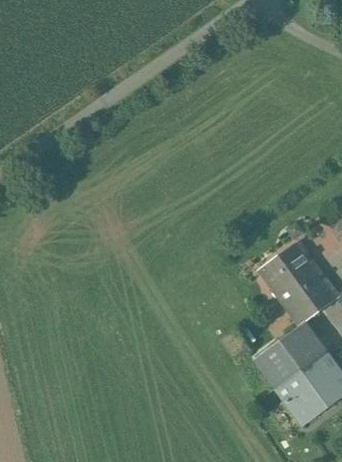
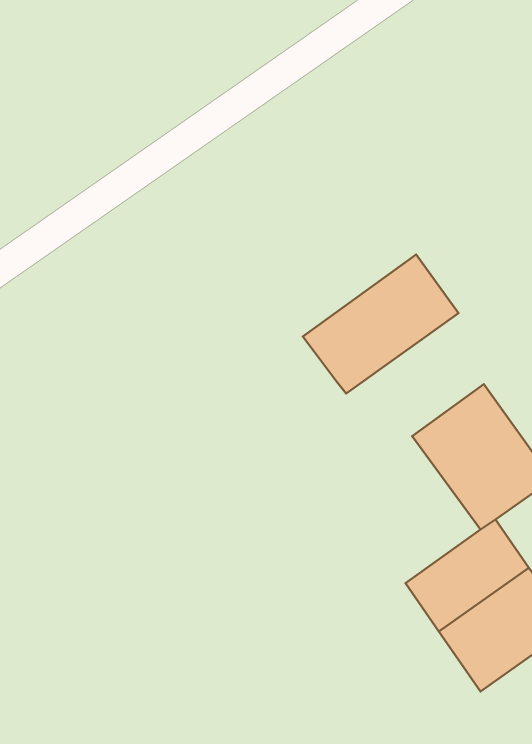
building: none -> [303,255,459,394]

